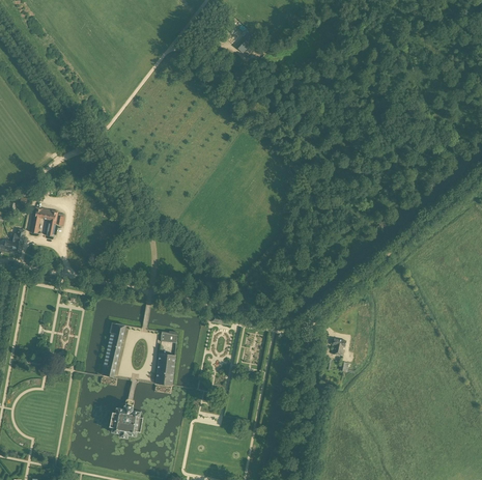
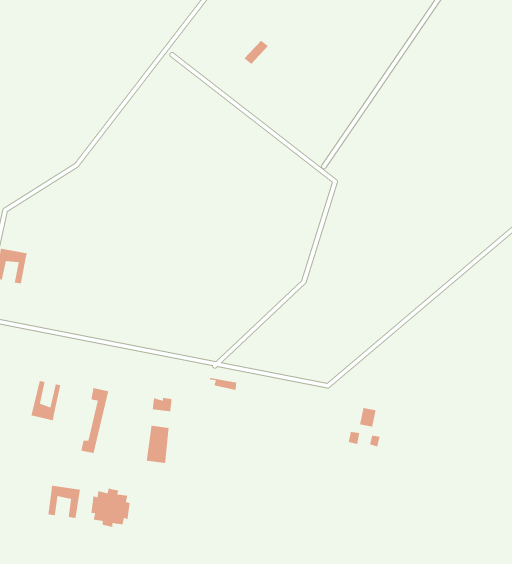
building: none -> [30,380,61,421]
building: none -> [48,485,81,519]

